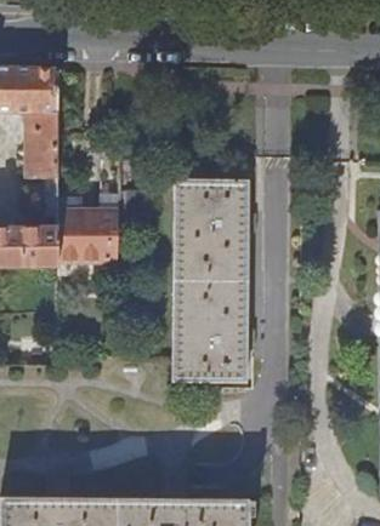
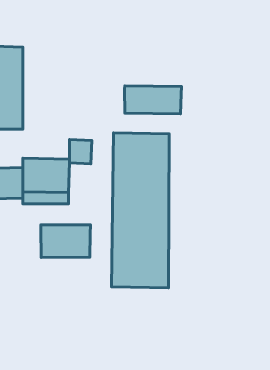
building: none -> [125,86,182,114]
building: none -> [41,225,90,257]

